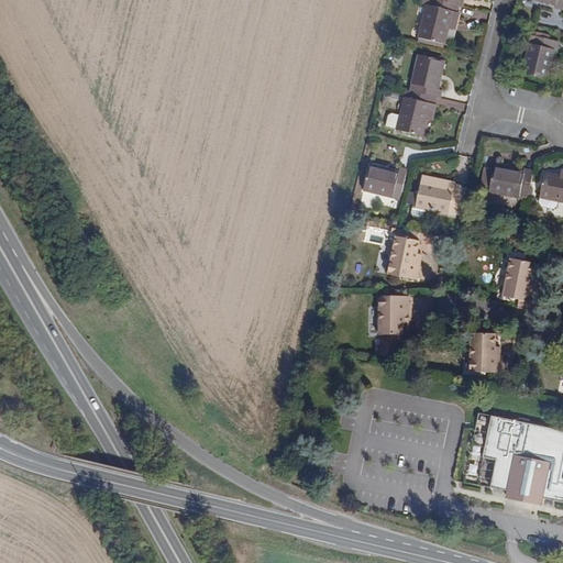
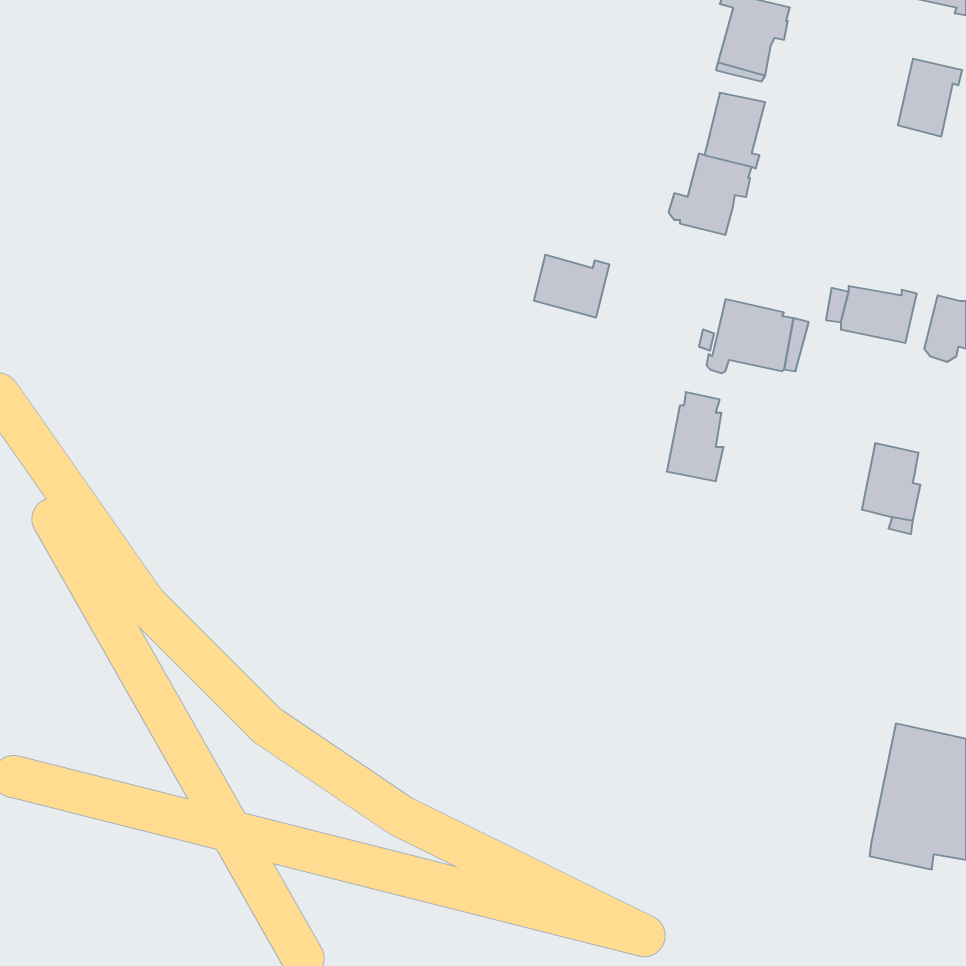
building: [363,163,407,199] -> [534,255,609,317]
building: [377,294,409,358] -> none
building: [468,332,499,373] -> none
building: [482,415,520,489] -> none

